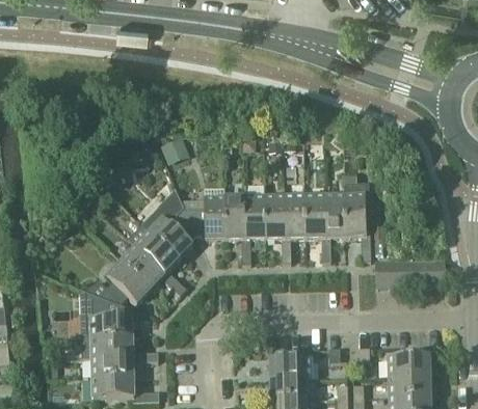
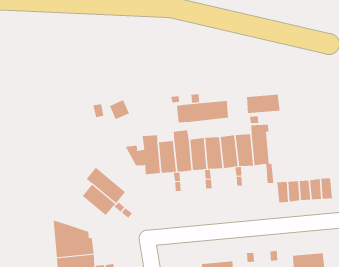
building: none -> [246,94,280,114]
building: none -> [177,100,229,123]
building: [140,191,192,263] -> none
building: [81,264,150,307] -> none

